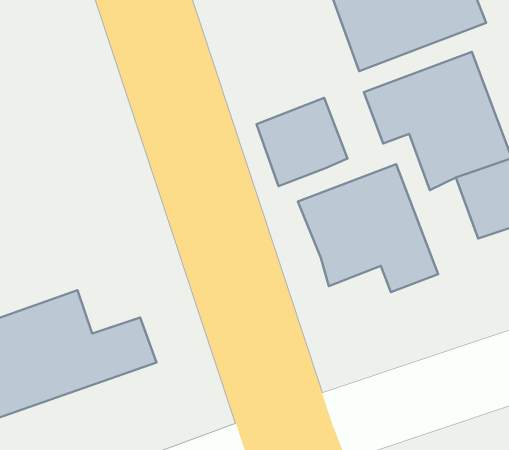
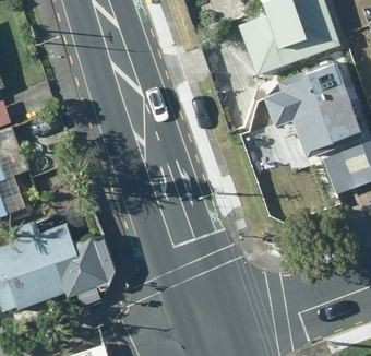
building: [256,98,347,186] -> none
building: [298,164,438,292] -> none

